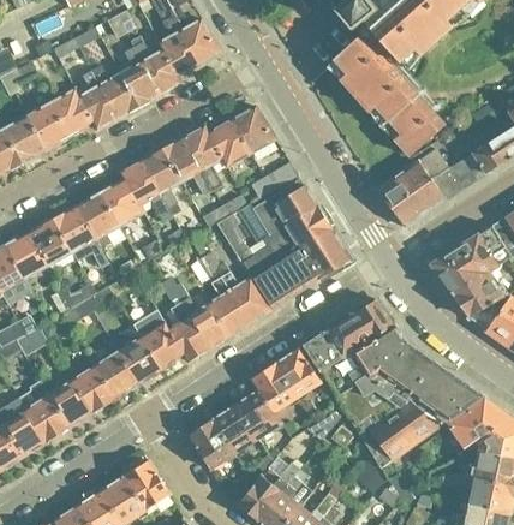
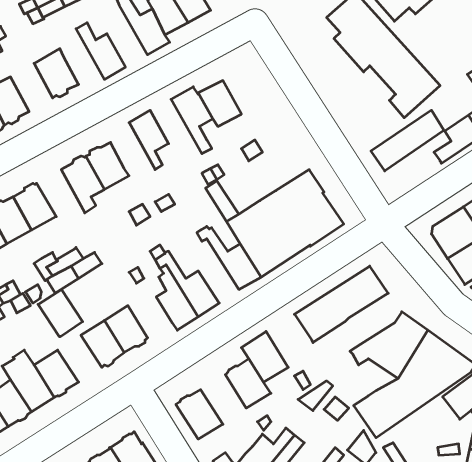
building: [120,46,160,106] -> none
building: [78,68,118,130] -> none
building: [26,102,67,149] -> none
building: [233,106,274,151] -> none
building: [162,137,213,191] -> none
building: [120,160,169,219] -> none
building: [390,167,455,226] -> none
building: [251,177,317,235] -> none
building: [52,205,98,259] -> none
building: [191,238,249,335] -> none
building: [141,323,184,369] -> none
building: [321,326,407,398] -> none
building: [275,348,321,398] -> none
building: [72,366,115,412] -> [38,290,83,336]
building: [211,405,256,453] -> none

